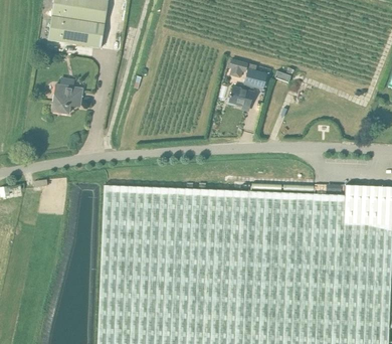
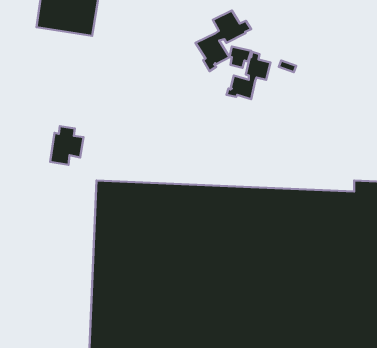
building: none -> [195,10,251,71]
building: [52,77,83,114] -> [50,126,83,165]

